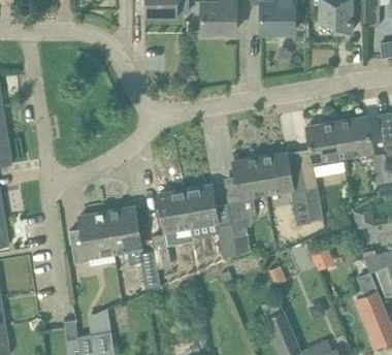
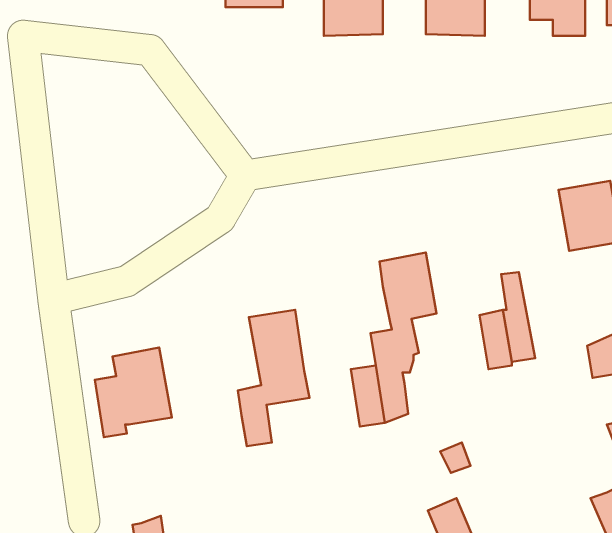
building: [305,122,342,162] -> none
building: [260,154,292,193] -> none
building: [185,187,217,226] -> none
building: [106,208,160,289] -> none

